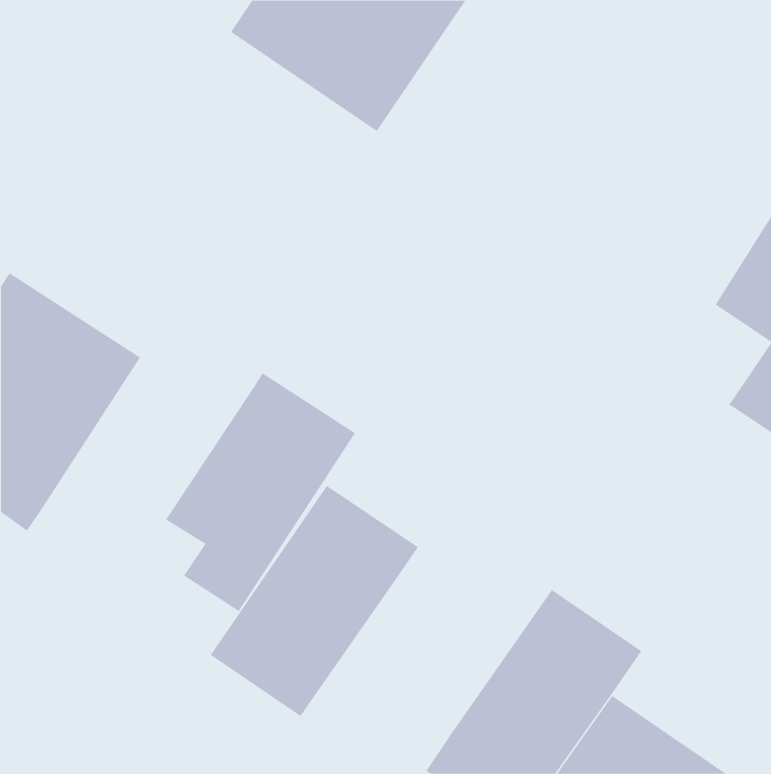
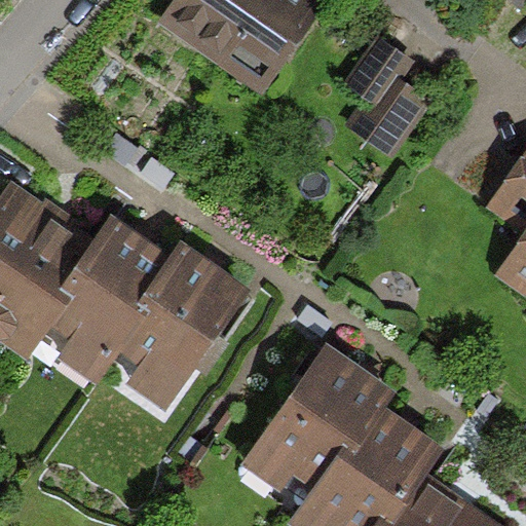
building: none -> [349,37,418,144]
building: none -> [30,220,175,387]
building: [210,485,419,717] -> [246,341,387,498]

